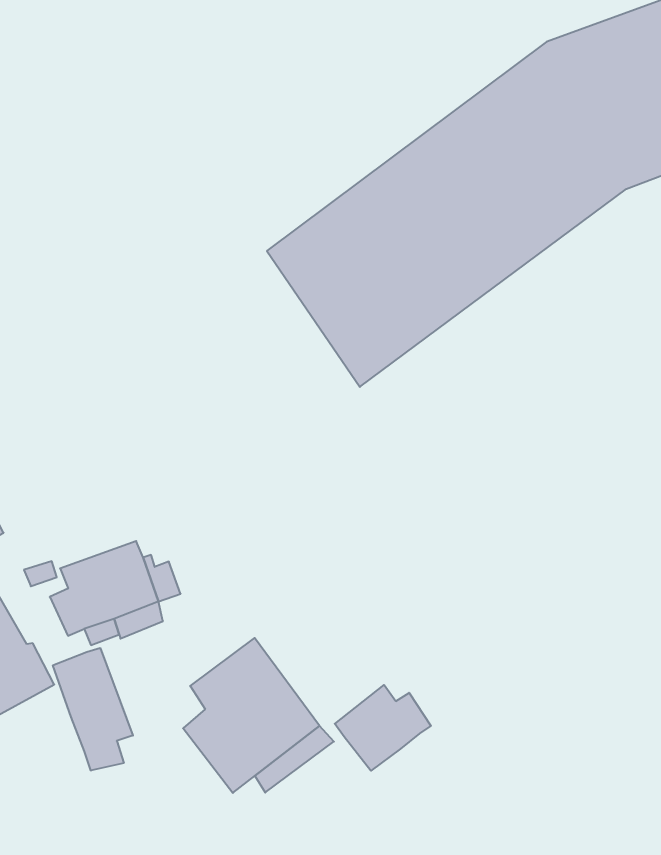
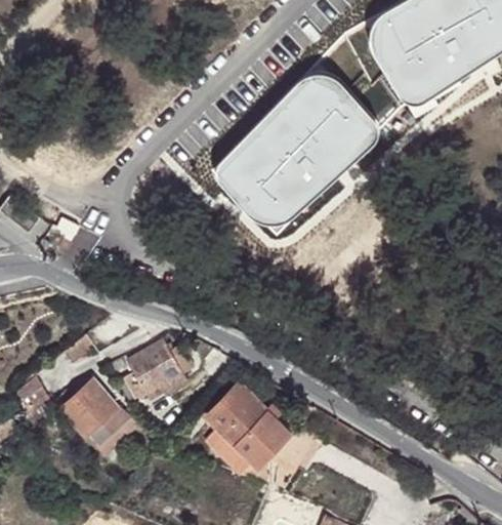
building: [53,648,133,771] -> none
building: [335,685,431,771] -> none

